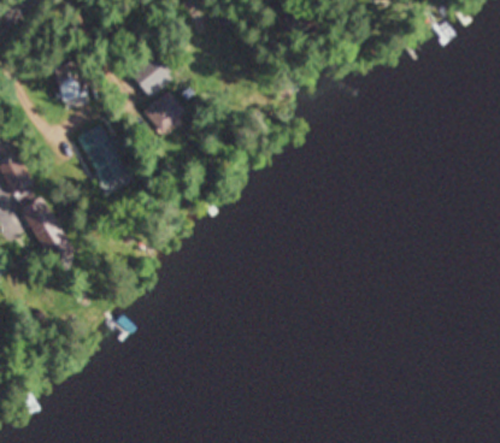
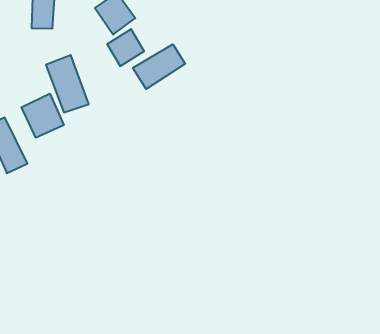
building: none -> [133,44,185,89]
building: none -> [21,94,64,138]

